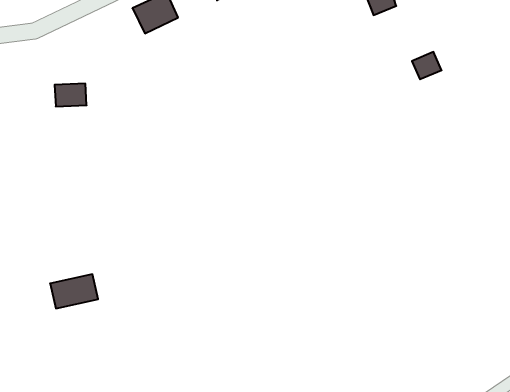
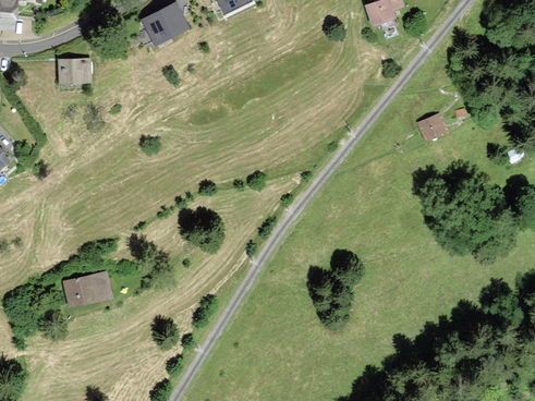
building: [412,52,442,79] -> [417,113,446,139]
building: [55,84,87,106] -> [59,59,89,81]

